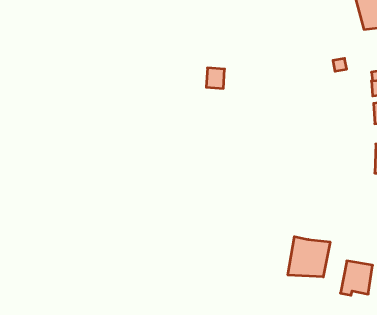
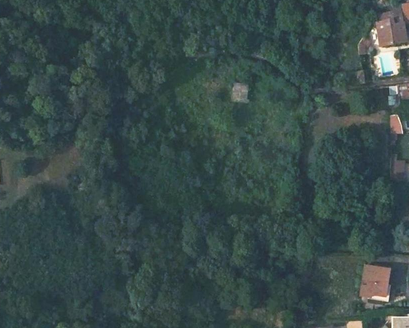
building: [288,237,330,277] -> none

